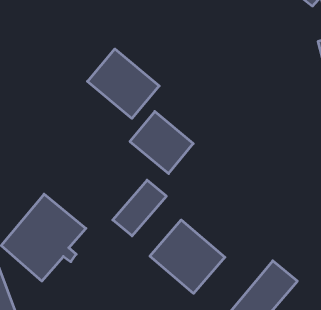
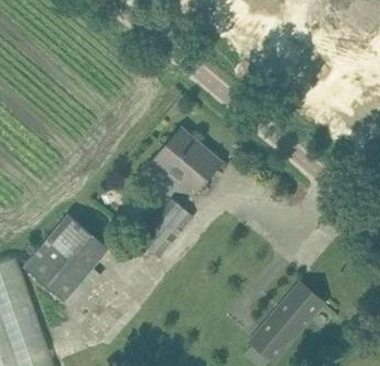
building: [87,49,159,118] -> none
building: [150,220,225,293] -> none

